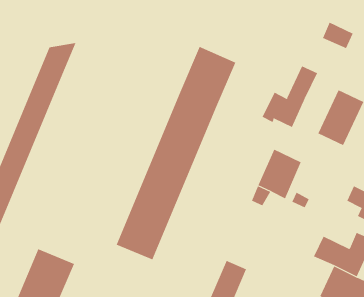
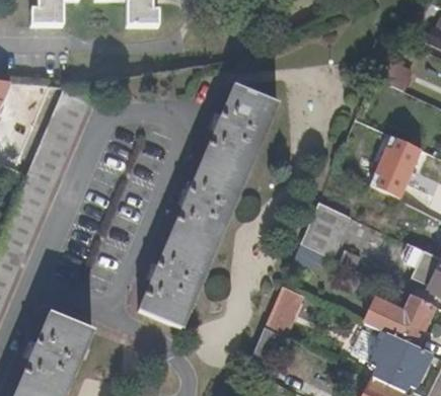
building: [262,65,318,128] -> none
building: none -> [266,284,307,335]

